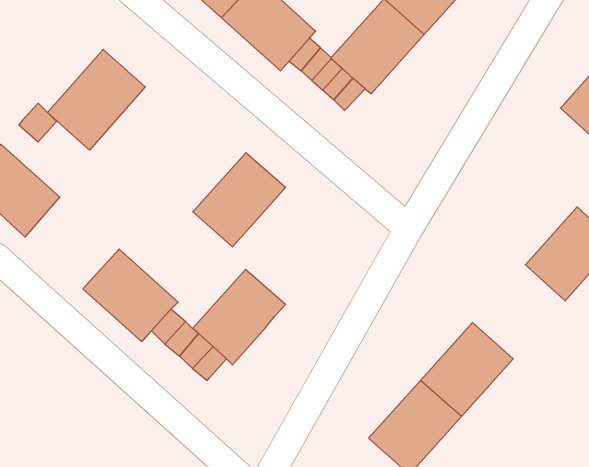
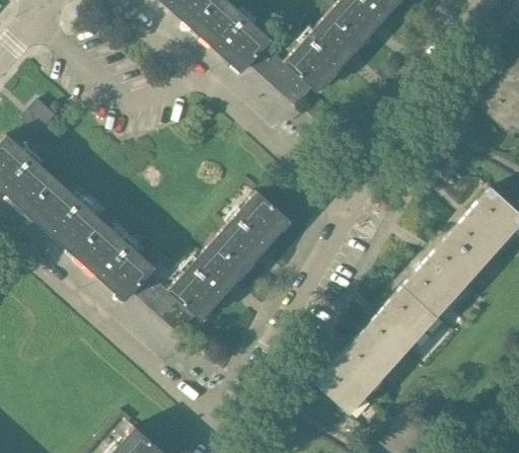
building: [48,49,145,150] -> none
building: [193,153,286,247] -> [213,191,291,270]
building: none -> [27,179,106,256]
building: none -> [403,236,481,315]

